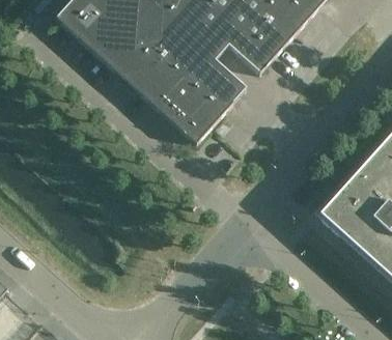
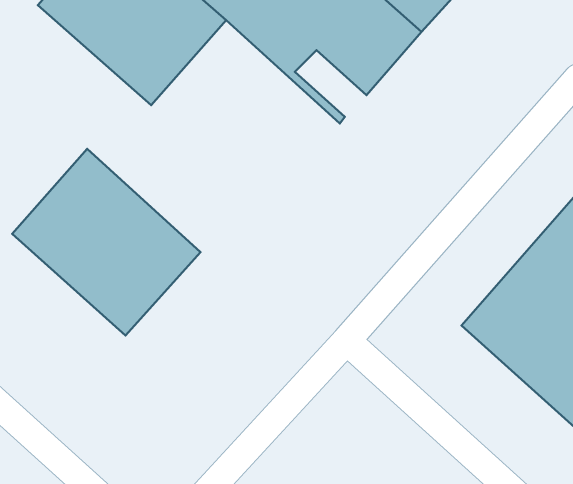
building: [125,27,243,143] -> [12,149,201,335]

